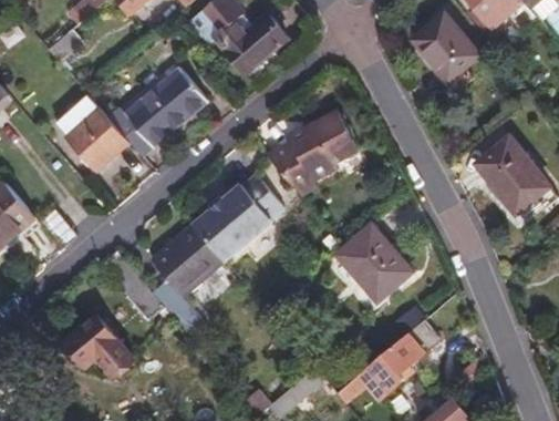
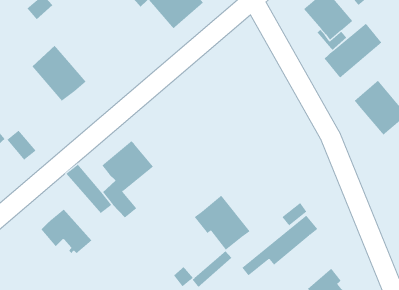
building: none -> [324,23,382,79]
building: [110,68,204,154] -> none
building: [269,114,359,198] -> none
building: [193,175,280,258] -> none
building: [337,223,412,297] -> [194,195,251,250]

